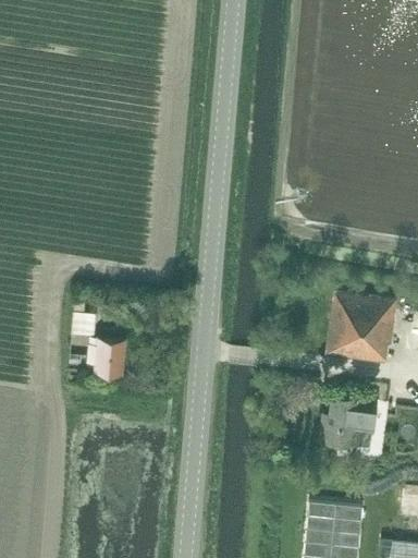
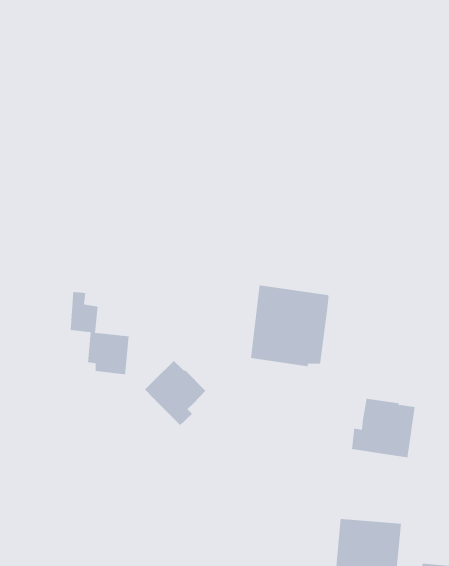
building: [327,292,396,364] -> [250,285,330,367]
building: none -> [144,360,206,426]

